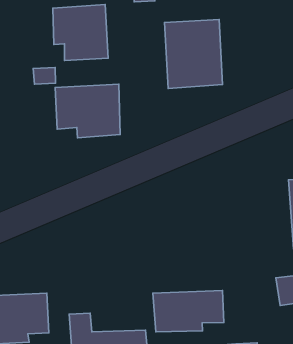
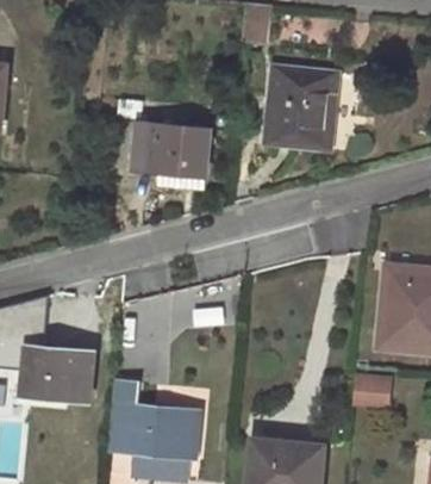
building: [53,4,108,61] -> none
building: [153,290,224,332] -> none

